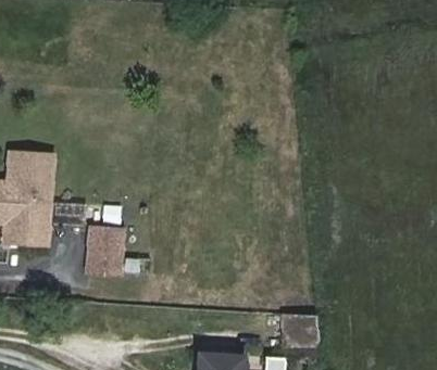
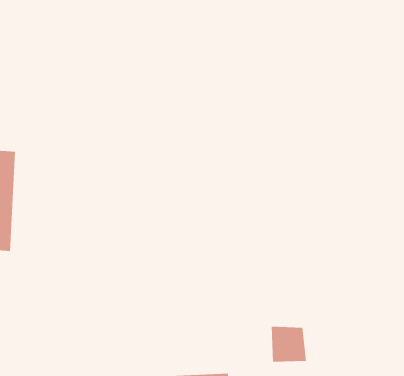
building: [89,227,122,272] -> none

